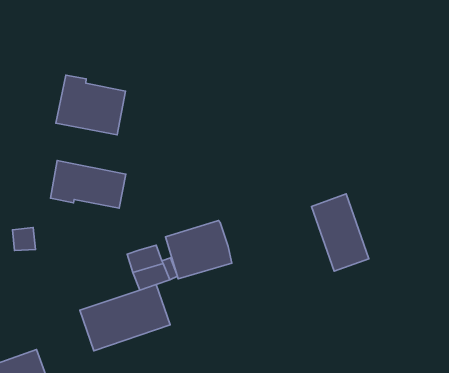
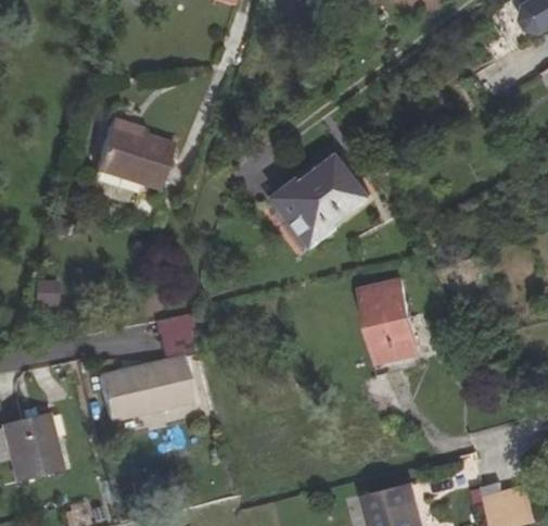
building: none -> [275,153,370,246]
building: [51,161,126,208] -> none
building: [166,220,232,279] -> none

